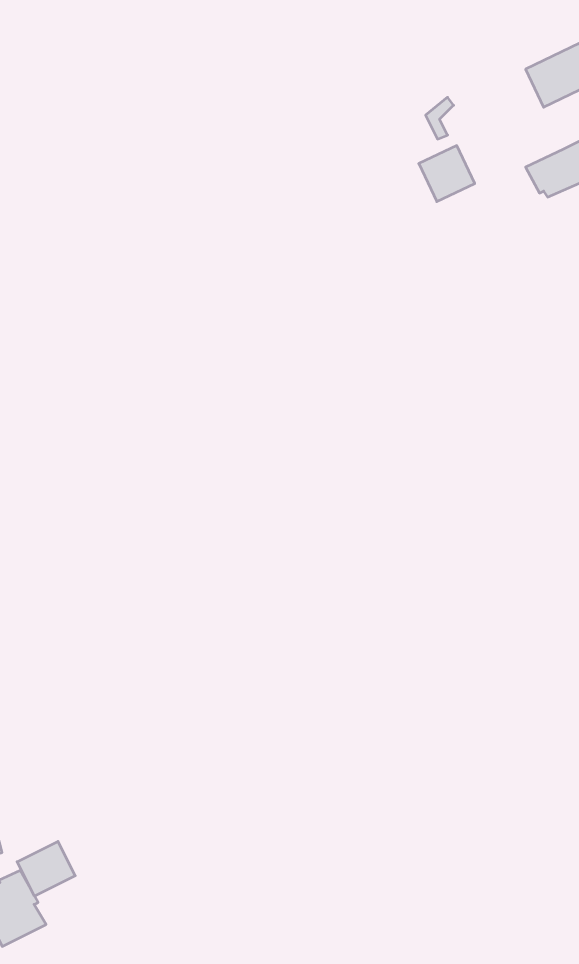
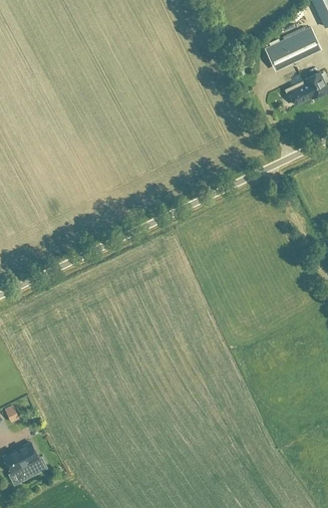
building: [419,146,475,202] -> [265,40,293,68]
building: [17,841,75,896] -> none

